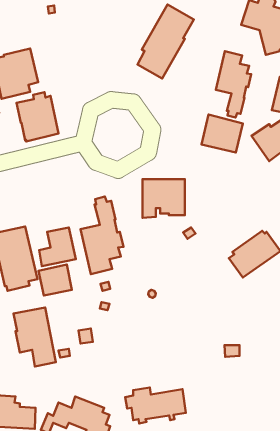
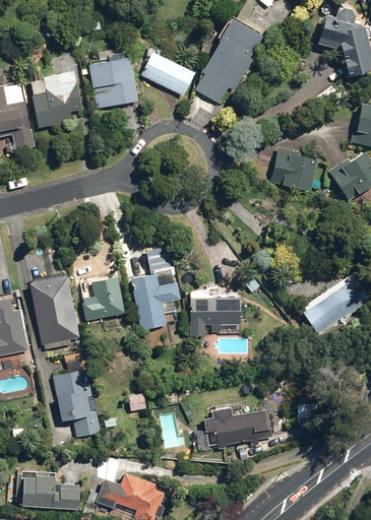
building: none -> [140,51,194,94]
building: [216,51,251,118] -> none
building: [16,92,59,141] -> [88,52,137,109]
building: [143,179,185,218] -> [191,291,240,336]
building: [38,264,72,296] -> none
building: [125,387,186,424] -> [202,407,272,449]

